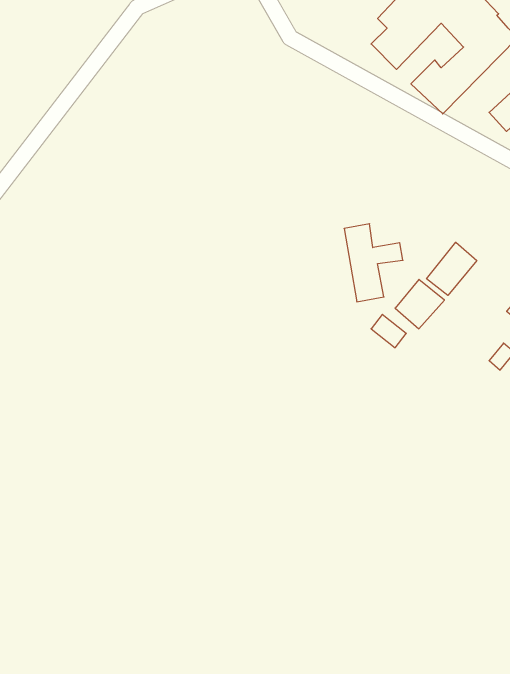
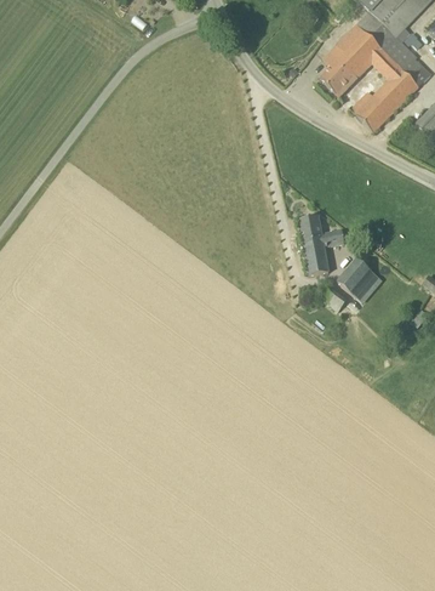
building: [427,242,477,295] -> none

